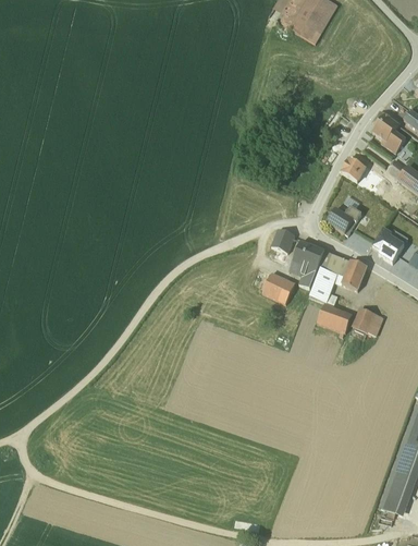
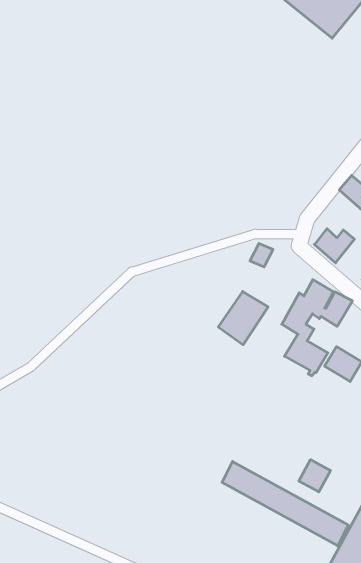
building: [292,241,324,288] -> none
building: none -> [299,460,330,492]
building: none -> [222,461,348,546]

